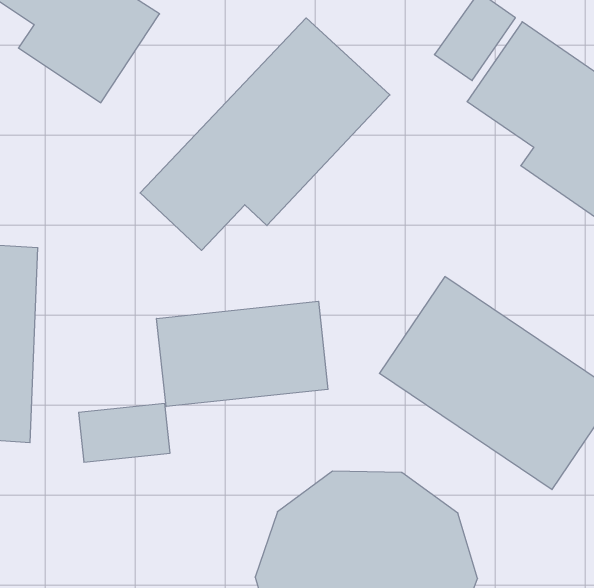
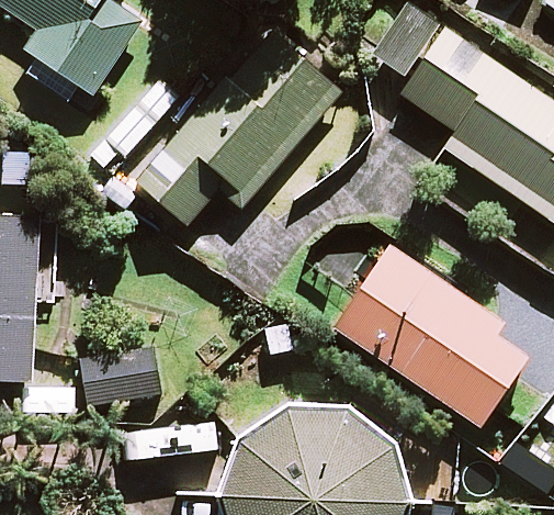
building: [157,301,328,407] -> none

